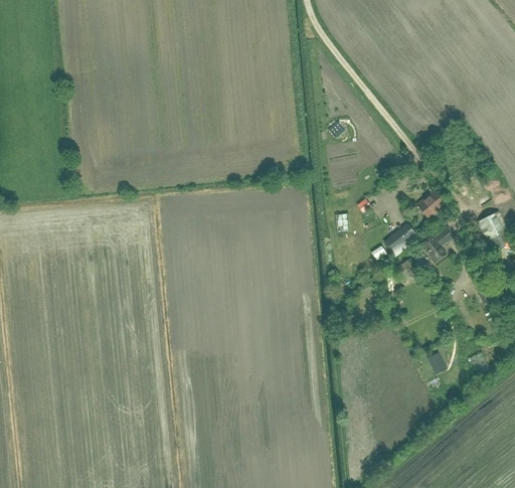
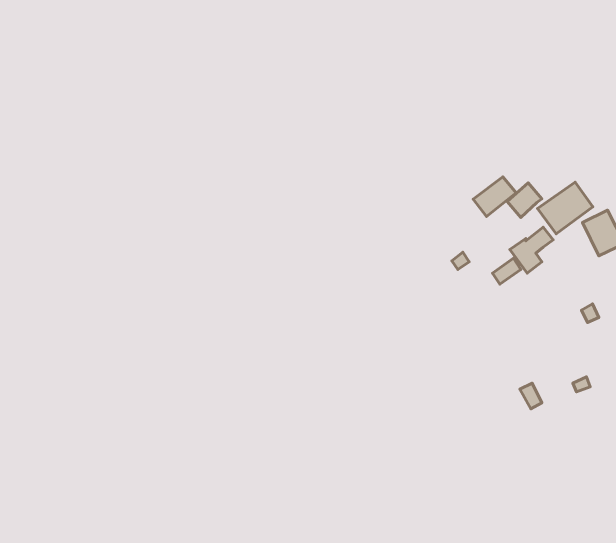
building: none -> [537,182,593,234]
building: [384,225,419,258] -> [473,177,516,216]

